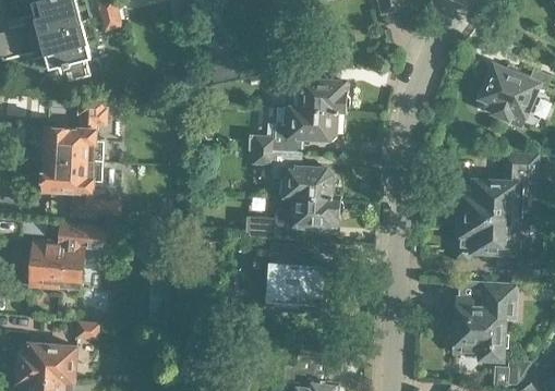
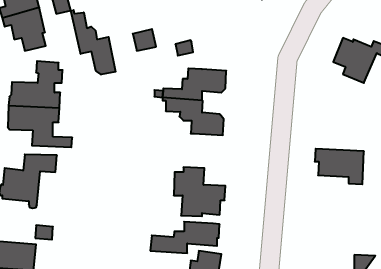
building: none -> [71,10,116,75]
building: [300,80,345,112] -> none
building: [455,155,535,220] -> none
building: [244,196,338,239] -> [150,222,220,253]
building: [449,281,512,359] -> none

